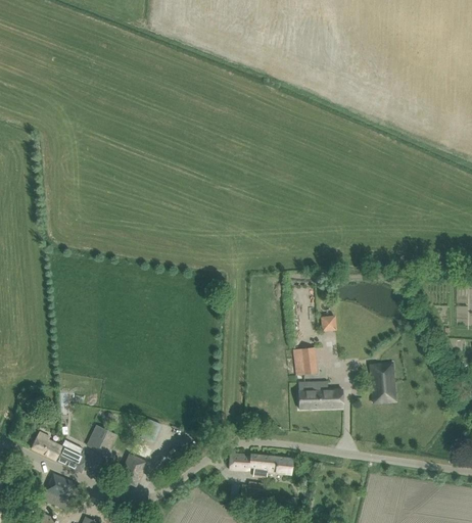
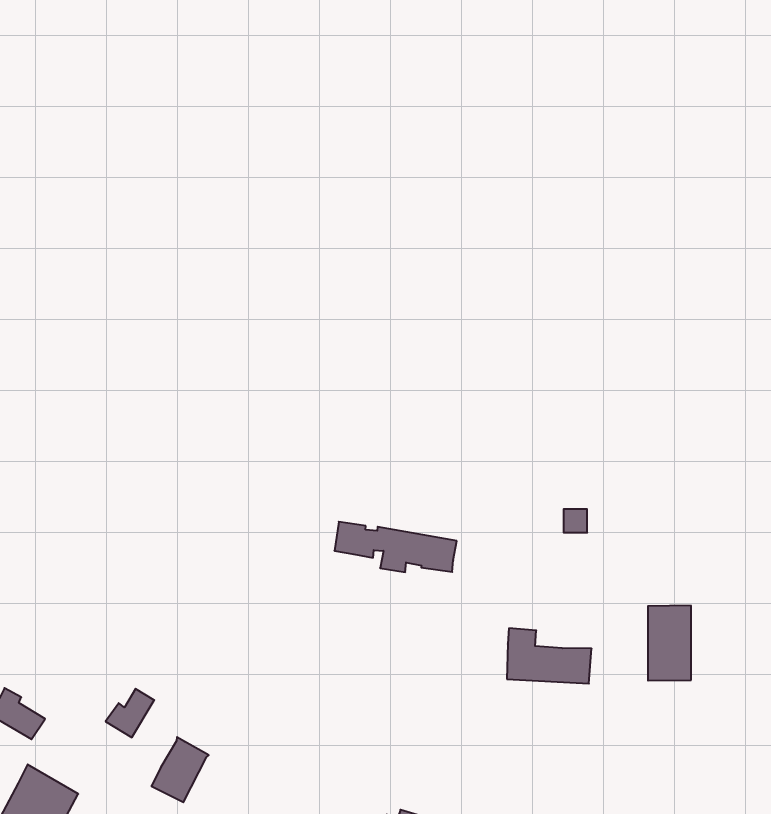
building: [293,348,316,374] -> none
building: [54,444,88,471] -> none
building: [229,453,292,476] -> [334,522,457,572]

